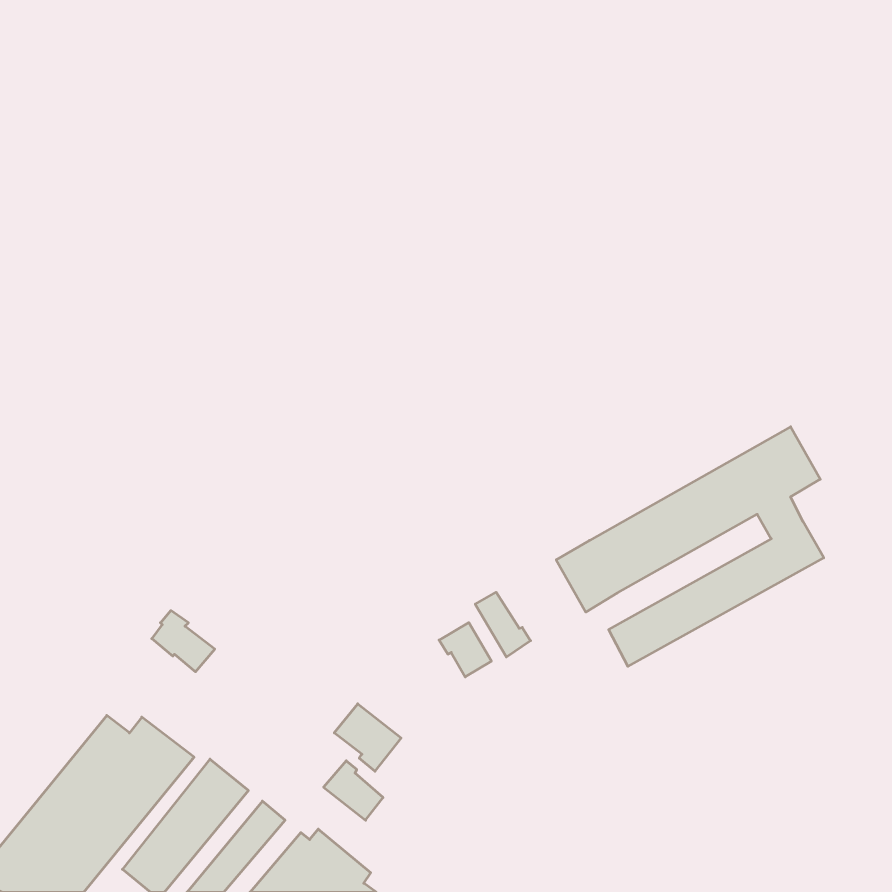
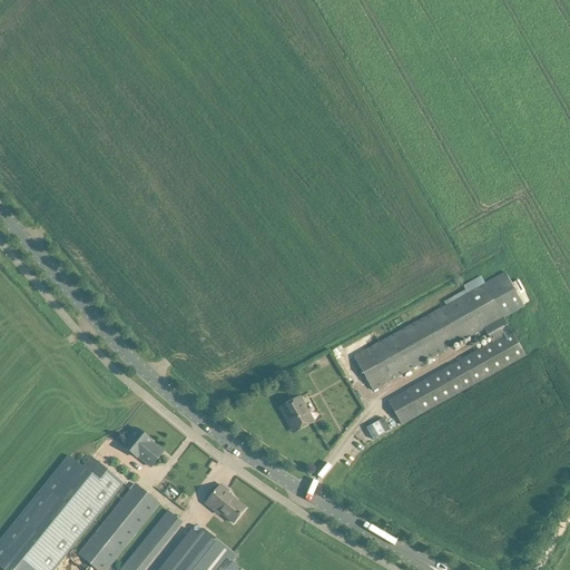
building: [475,592,531,657] -> none
building: [152,611,215,672] -> [122,428,163,466]
building: [334,704,401,771] -> none

